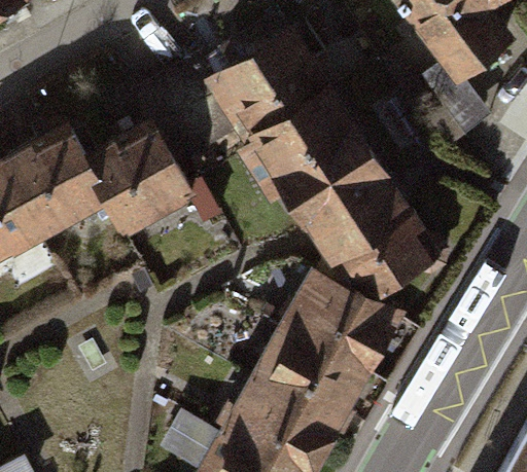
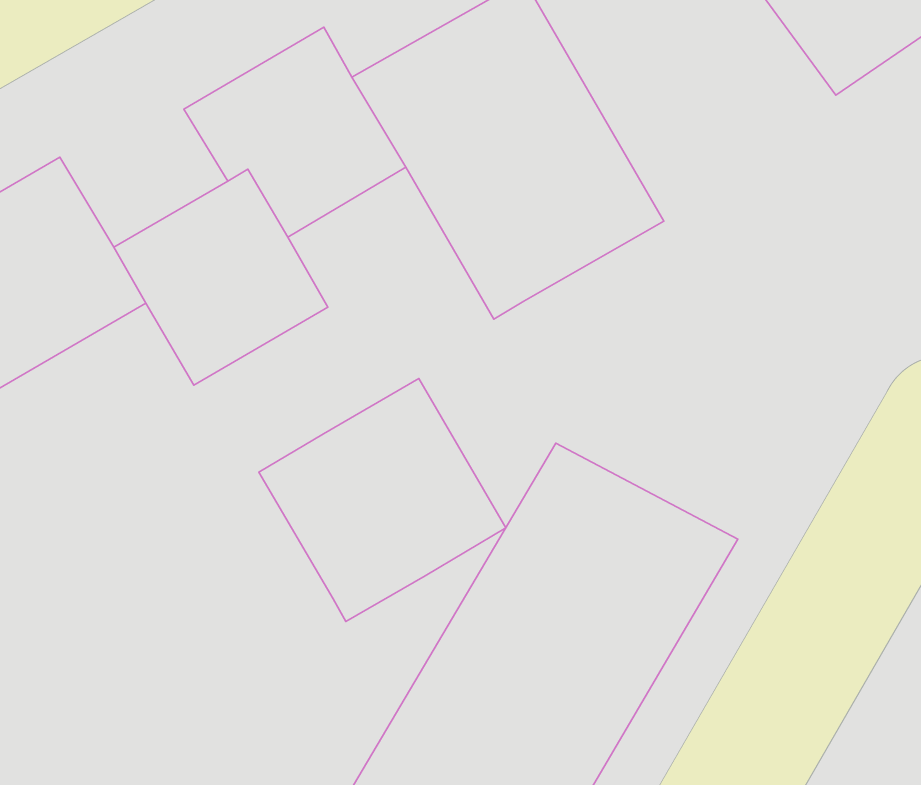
building: [295,150,423,291] -> none
building: none -> [259,379,506,621]

